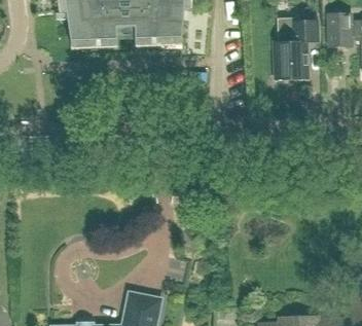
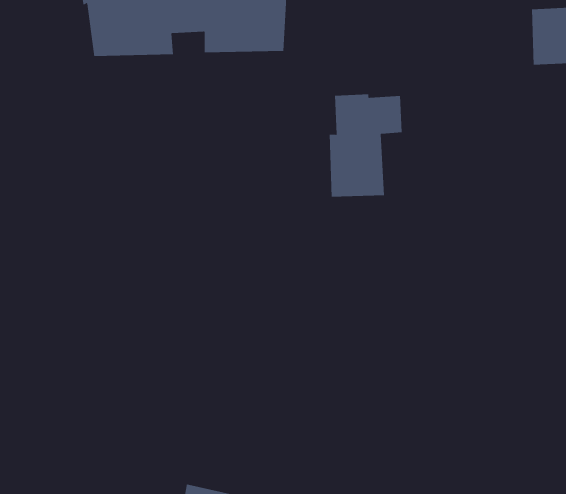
building: [276,21,319,81] -> [329,94,402,197]

